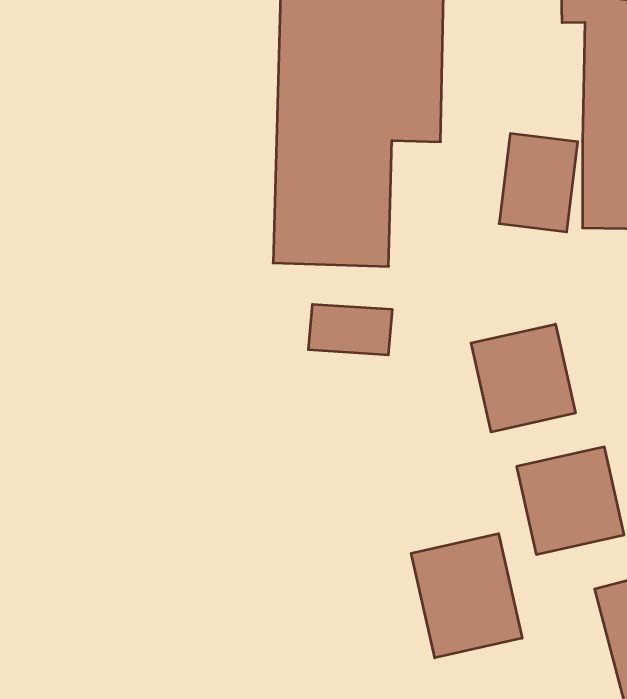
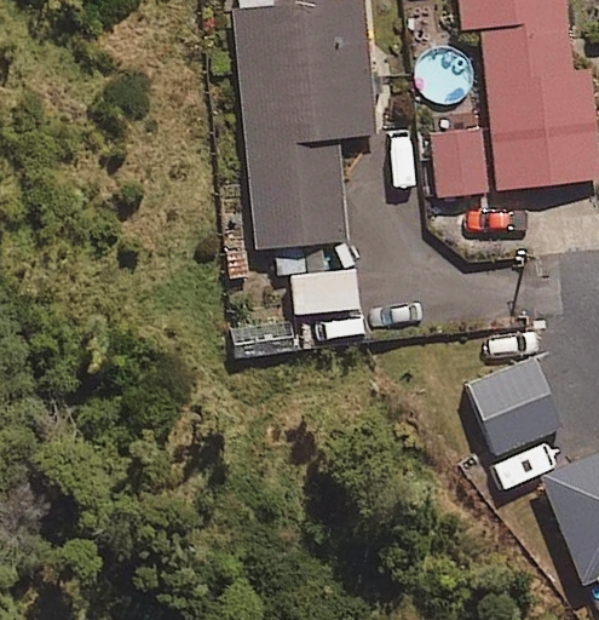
building: [471,324,575,432] -> none
building: [411,534,522,658] -> none

